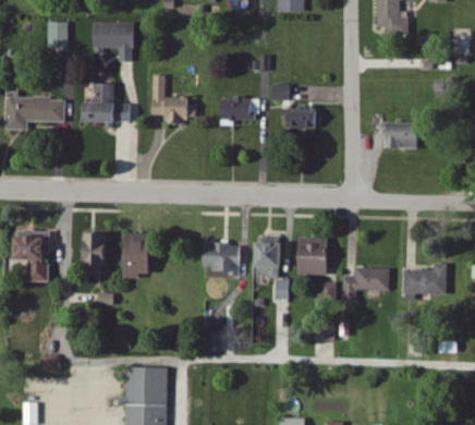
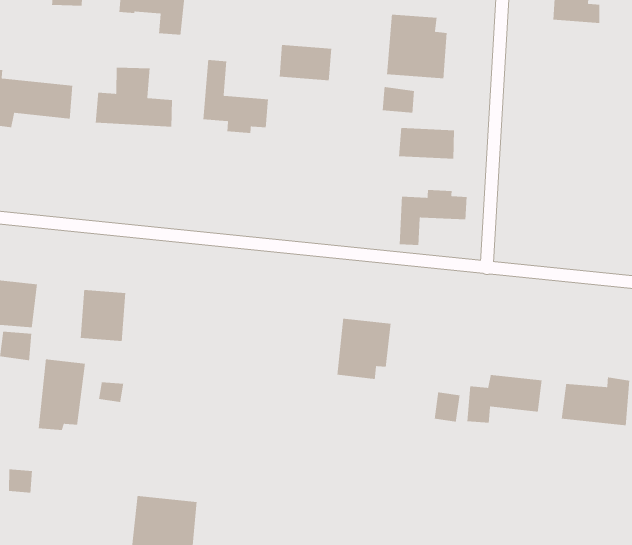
building: none -> [386,14,448,79]
building: [218,99,252,121] -> [279,44,332,81]
building: [381,122,421,149] -> none
building: none -> [399,189,467,246]
building: [125,232,154,279] -> [38,358,86,431]
building: [296,238,331,276] -> none
building: [199,244,240,277] -> none

